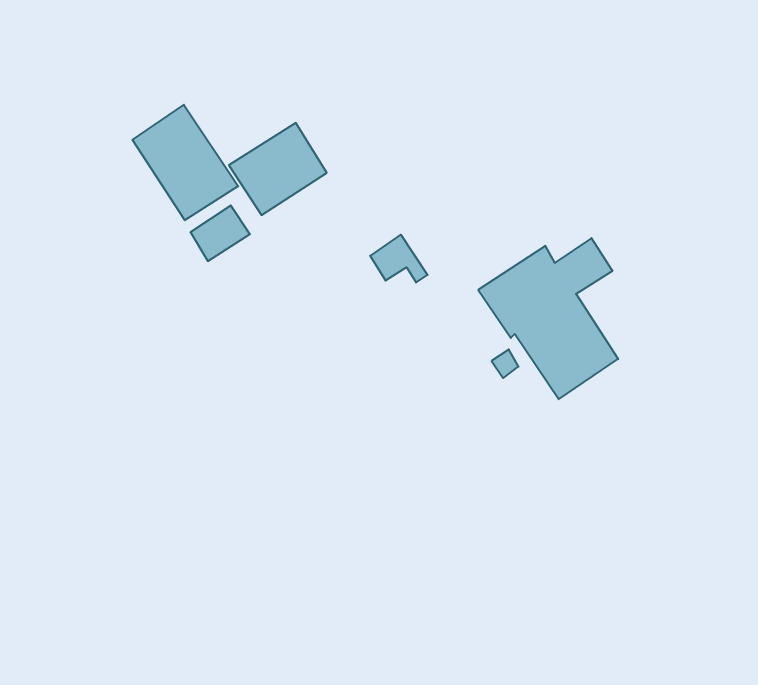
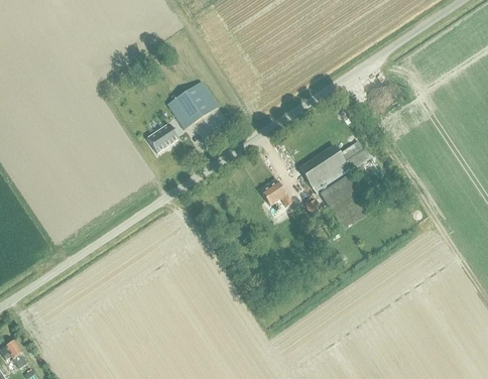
building: [133,105,238,220] -> none
building: [370,235,428,283] -> [260,180,290,206]

